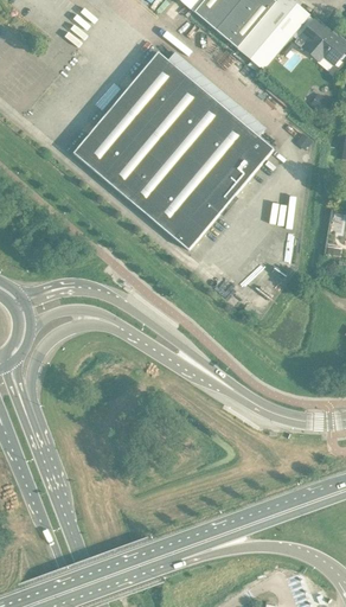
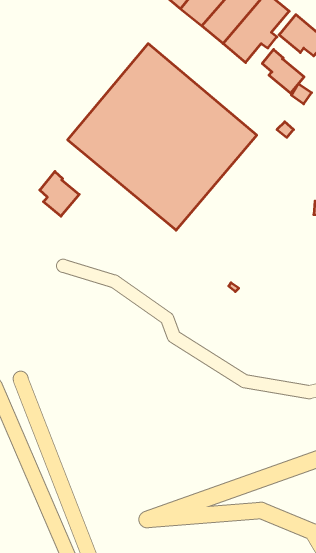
building: none -> [262,49,304,93]
building: none -> [40,171,79,216]

